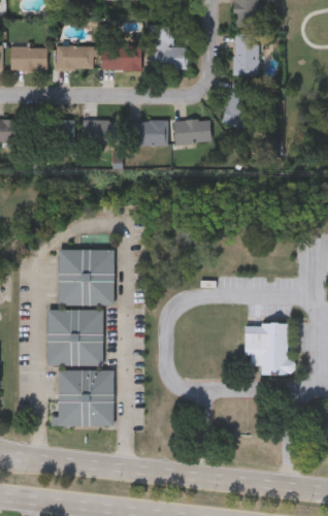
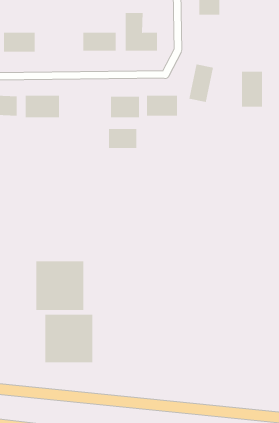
building: [234,35,259,76] -> [241,71,263,107]
building: [56,45,93,69] -> none
building: [87,120,120,142] -> [108,129,137,148]
building: [58,250,113,307] -> none
building: [245,323,295,375] -> none

